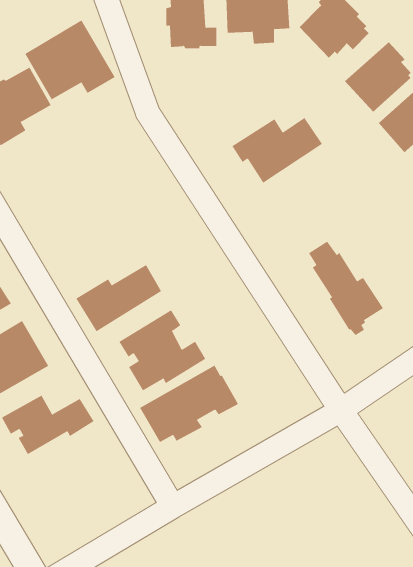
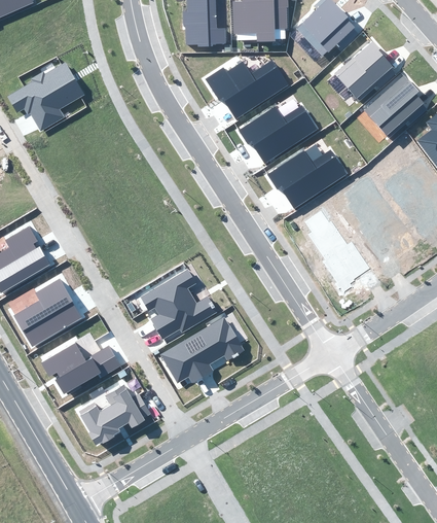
building: [25,19,116,100] -> none
building: none -> [206,61,288,117]
building: none -> [267,145,345,207]
building: [76,264,162,332] -> none
building: none -> [79,384,152,445]

